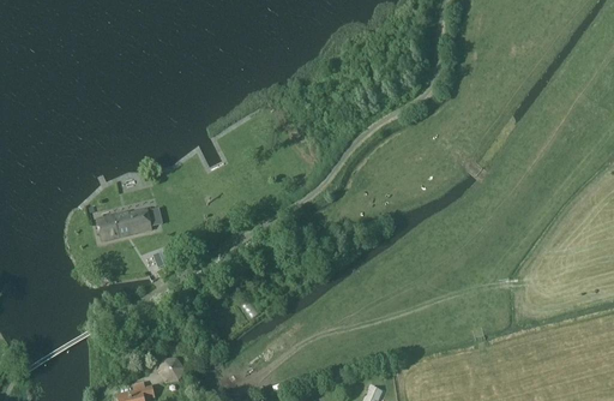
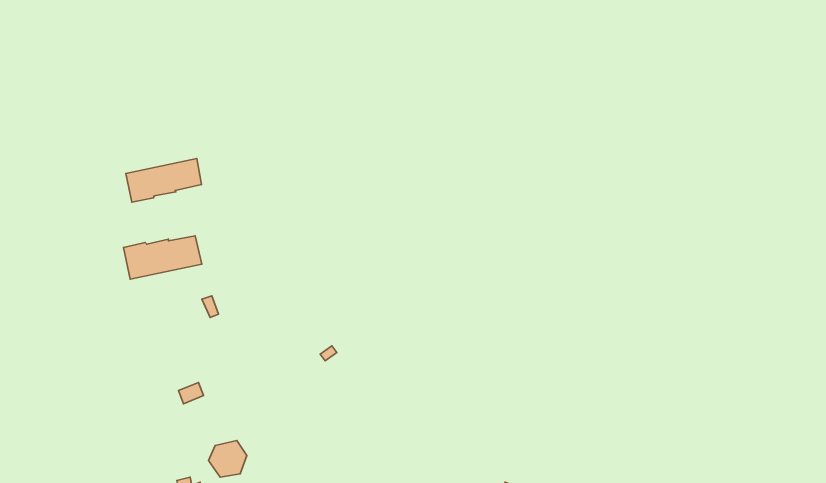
building: none -> [126,159,201,202]

